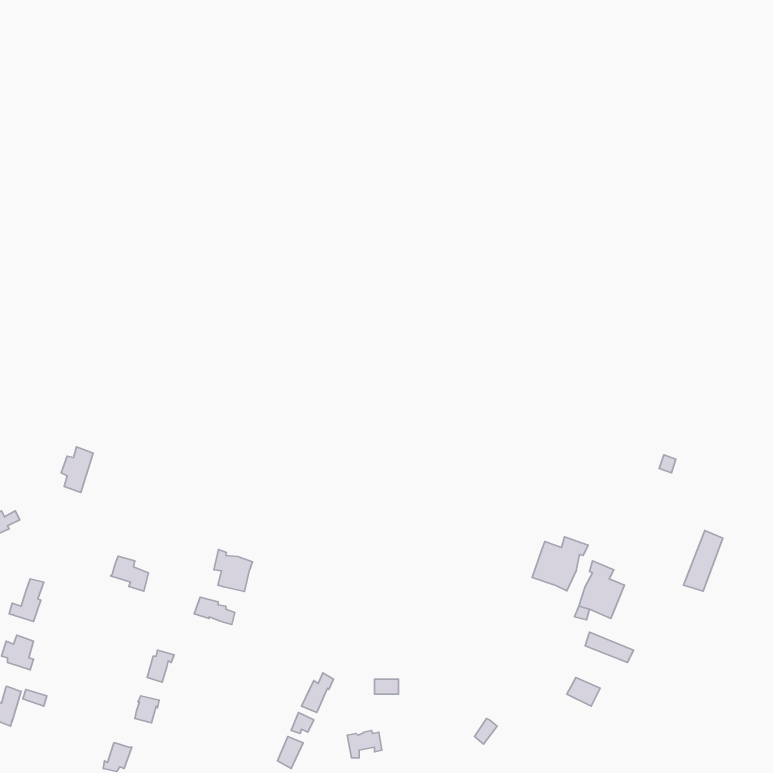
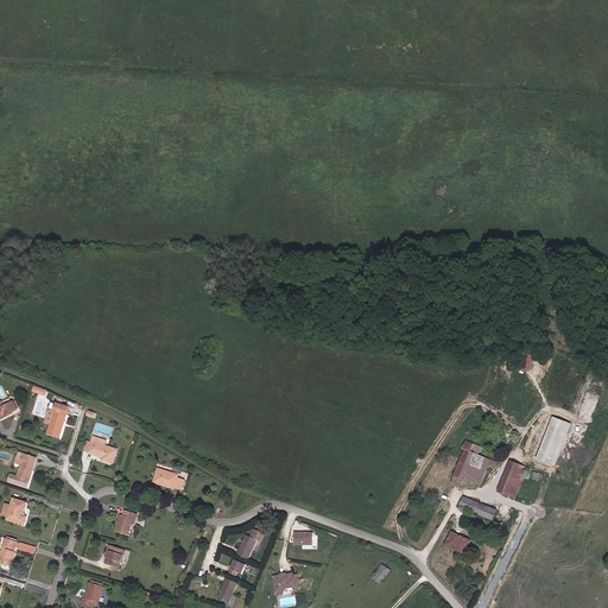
building: [61,447,93,492] -> [44,401,69,437]
building: [532,537,588,591] -> none
building: [214,550,252,592] -> none
building: none -> [498,461,526,498]

